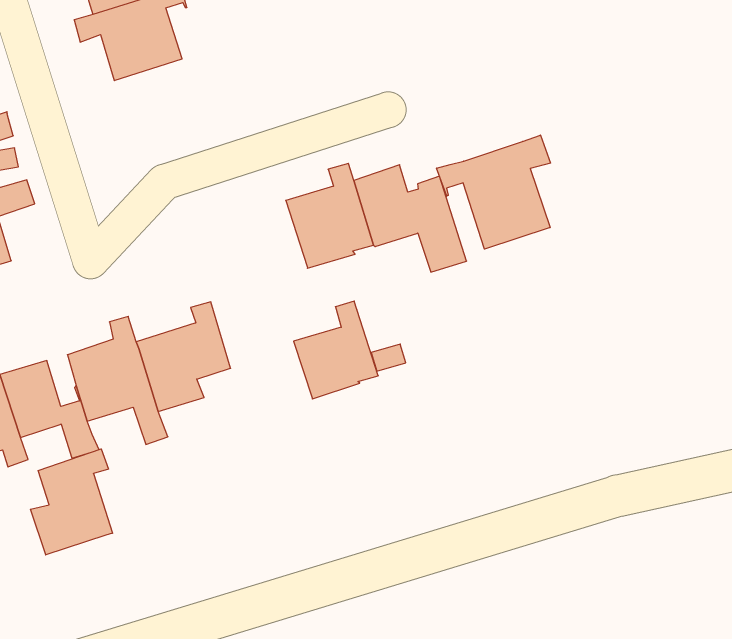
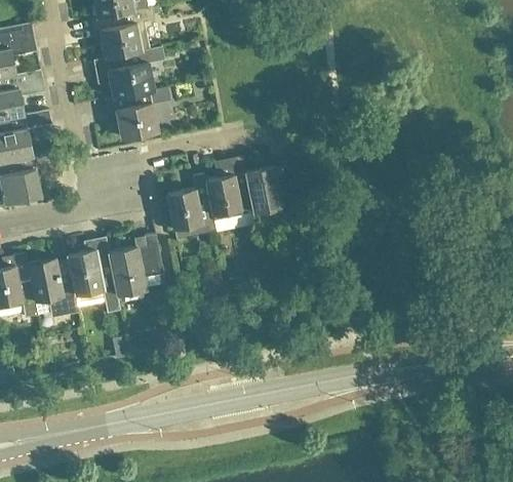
building: none -> [104,88,169,139]
building: [437,135,551,249] -> none
building: [294,301,378,399] -> [165,175,212,230]
building: [30,449,113,555] -> none

